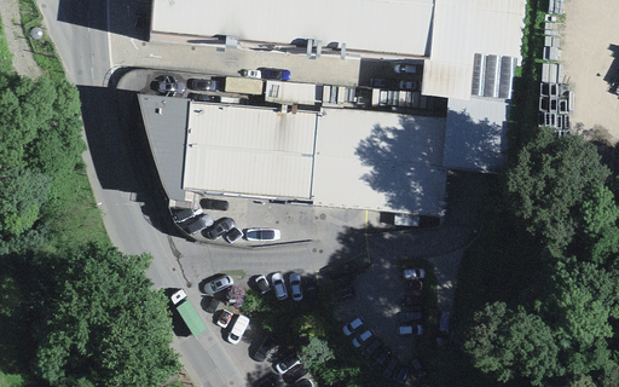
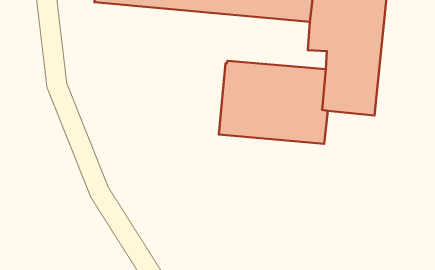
building: [138,93,317,201] -> none

